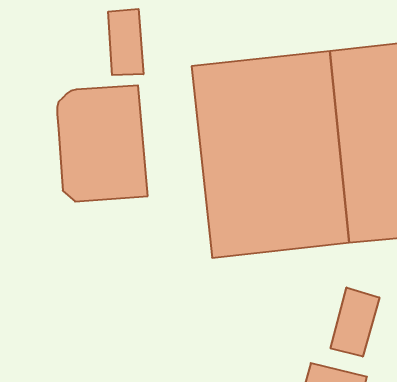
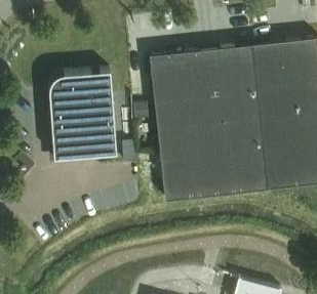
building: [108,9,143,75] -> none
building: [331,287,379,357] -> none

